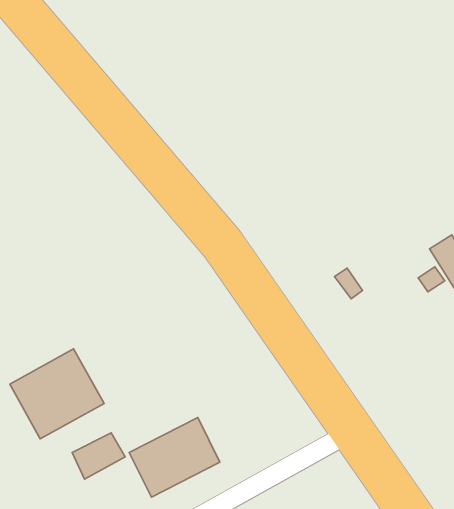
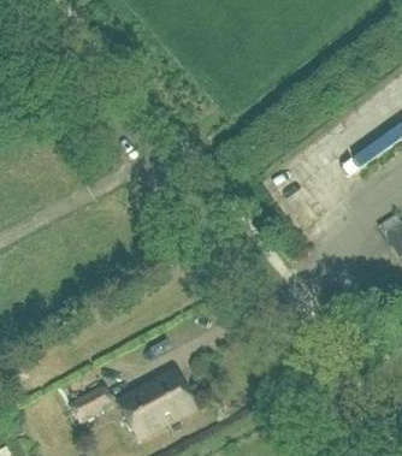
building: [10,349,104,439] -> none

